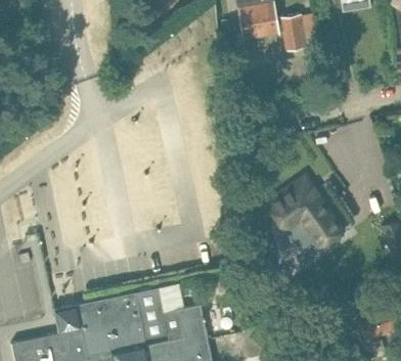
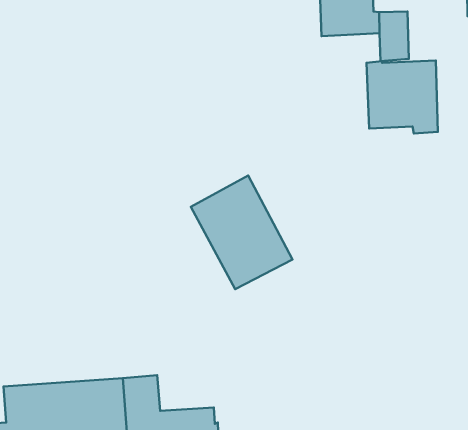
building: none -> [367,60,438,134]
building: [269,177,344,257] -> [191,176,292,289]

